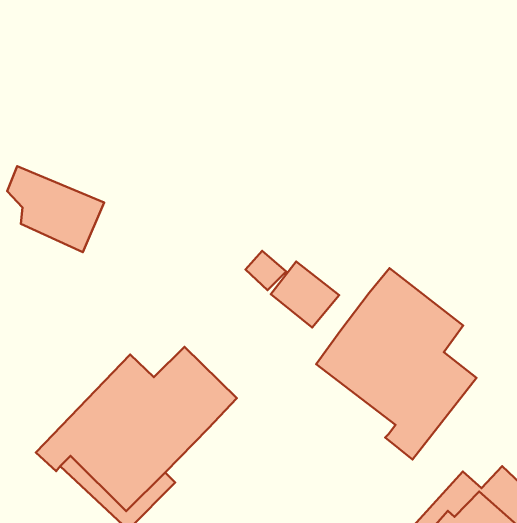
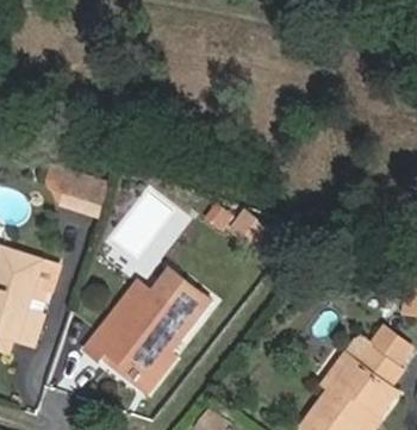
building: [316,268,477,459] -> none

